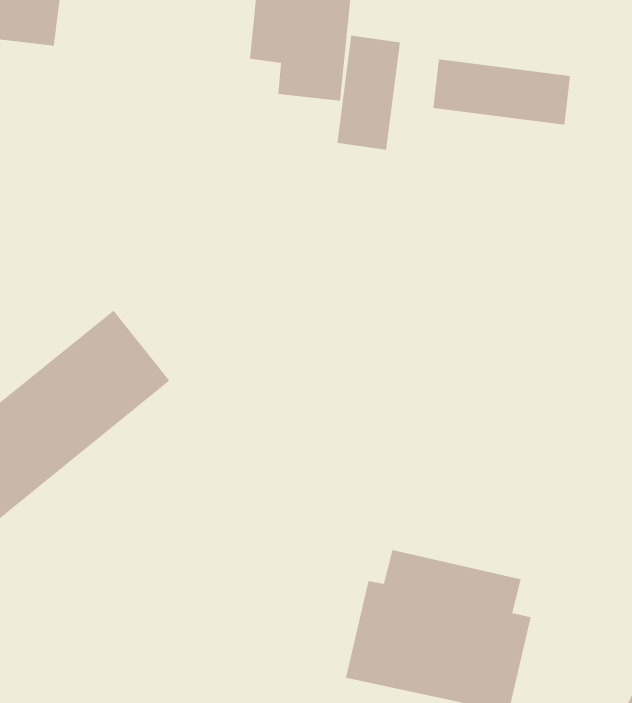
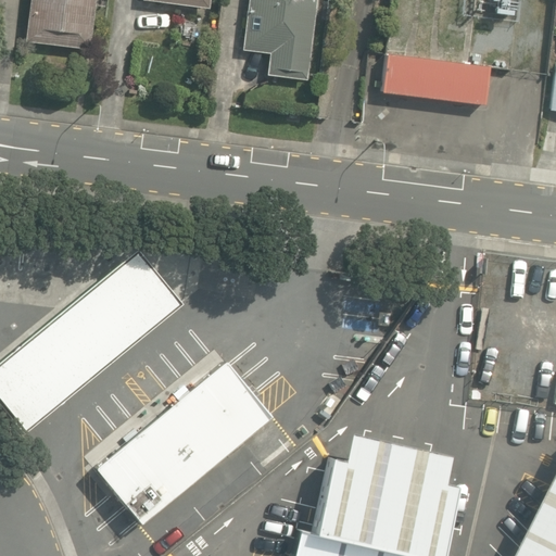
building: [337,35,401,150] -> none
building: none -> [96,362,271,523]

